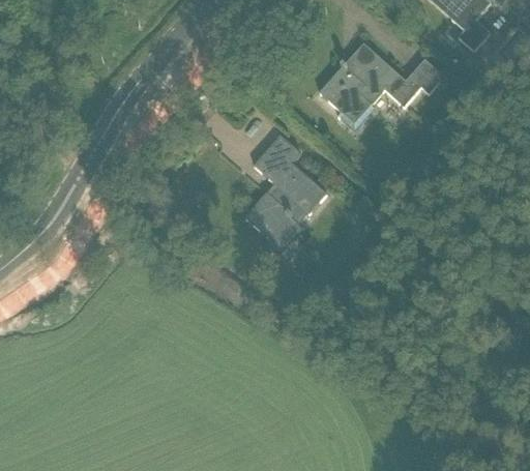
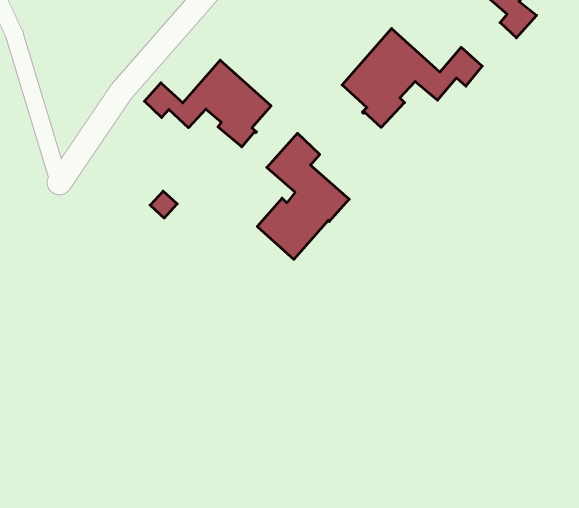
building: none -> [144,60,271,147]

